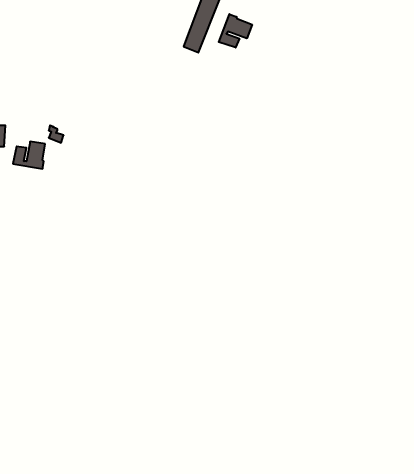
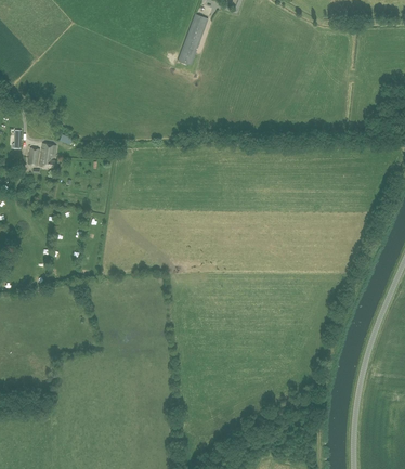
building: [219,14,252,48] -> none

